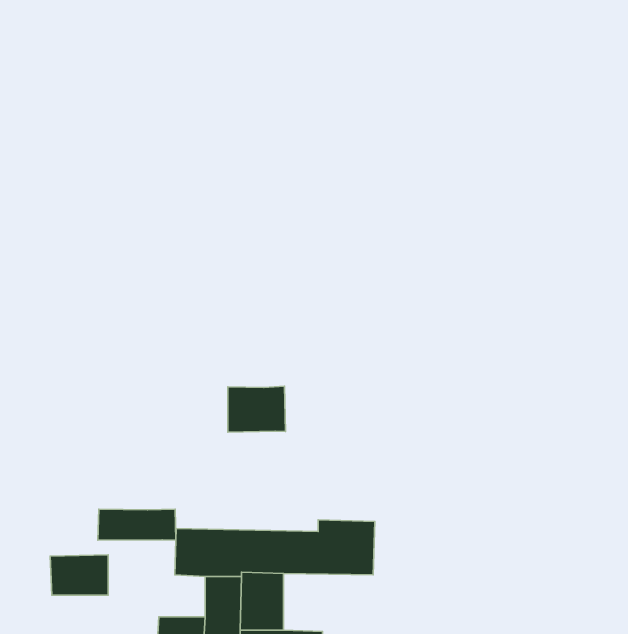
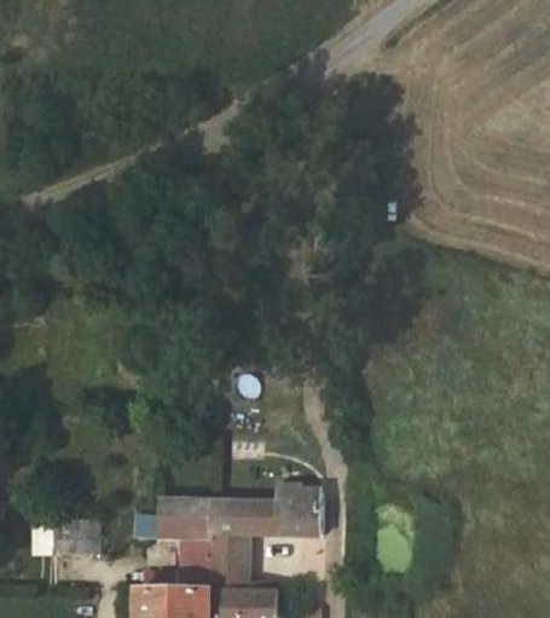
building: [228,386,285,432] -> none
building: [98,509,176,540] -> none

